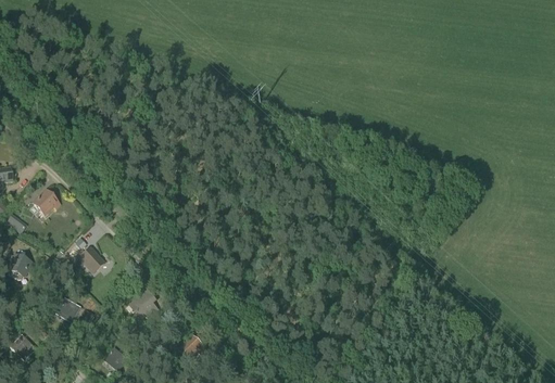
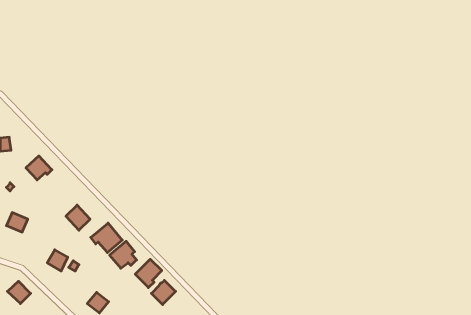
building: none -> [91,223,122,253]
building: none -> [135,259,162,288]

